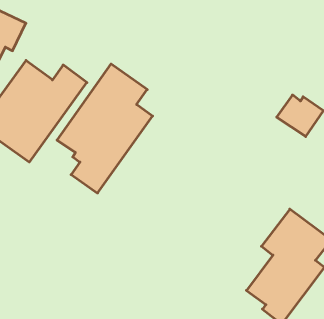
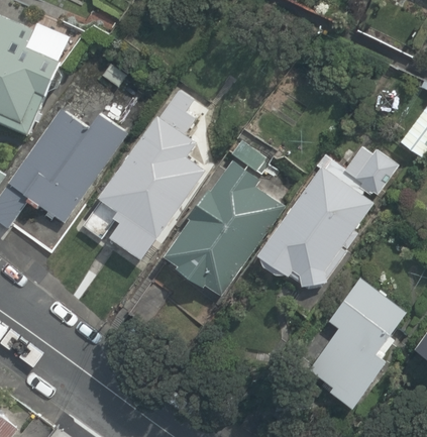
building: none -> [166,160,283,296]
building: none -> [256,167,372,288]

